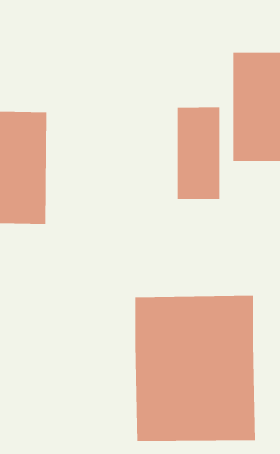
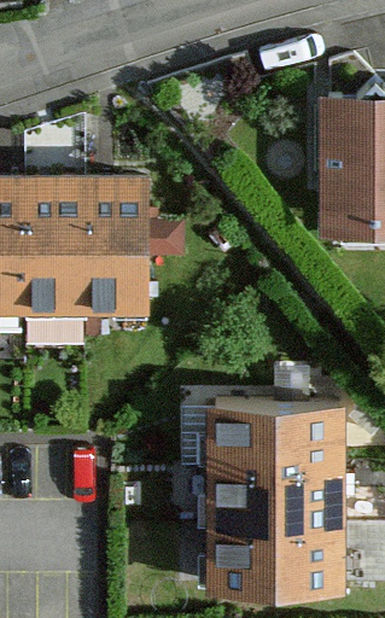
building: [177,107,220,200] -> none
building: none -> [86,177,147,319]

